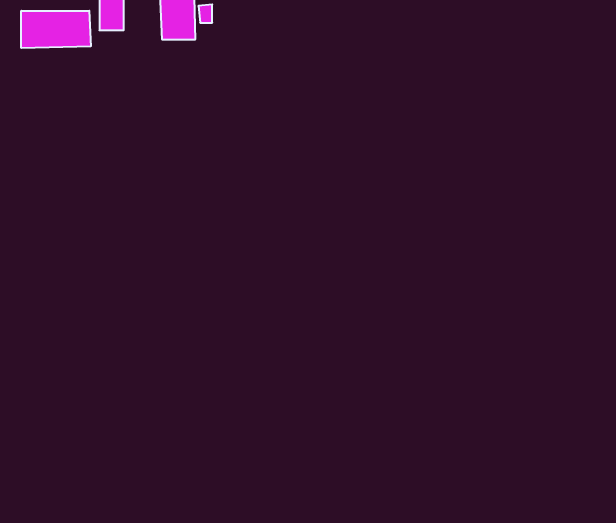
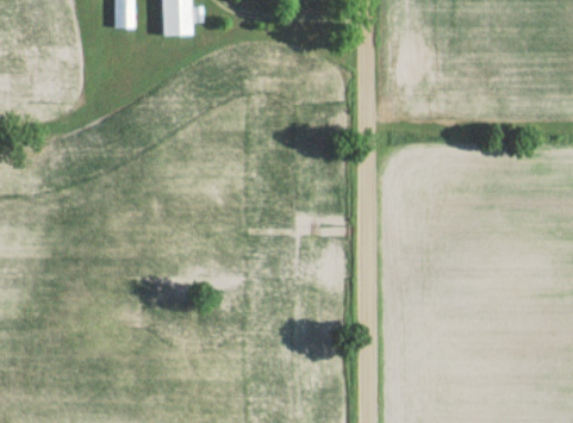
building: [21,11,91,48] -> none

